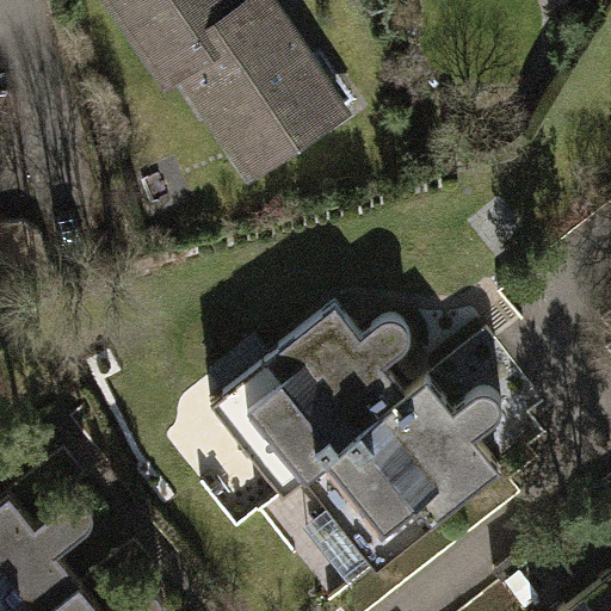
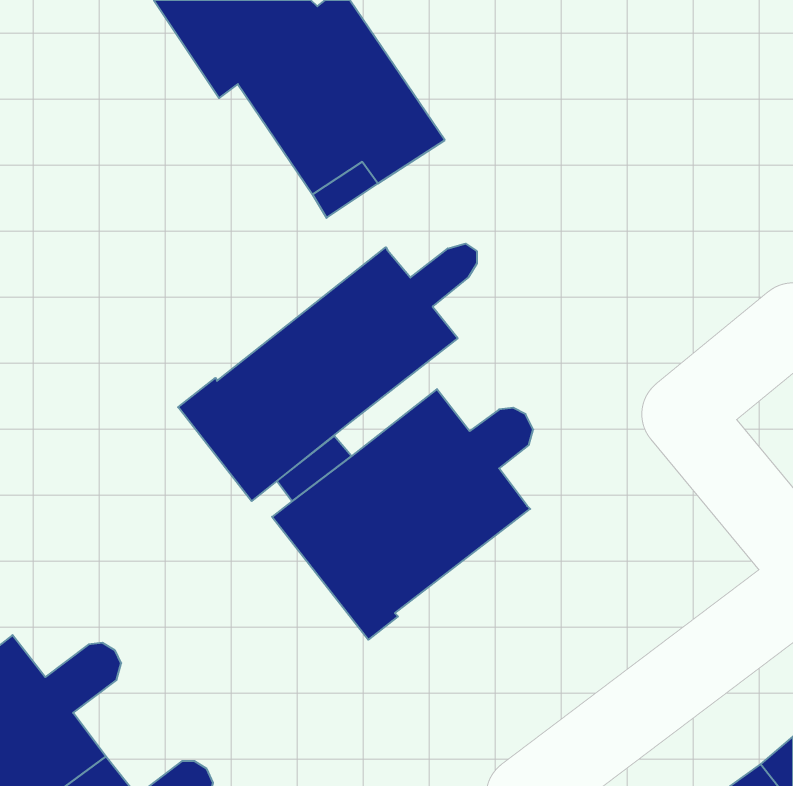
building: none -> [178,244,477,501]
building: [303,378,504,570] -> none

